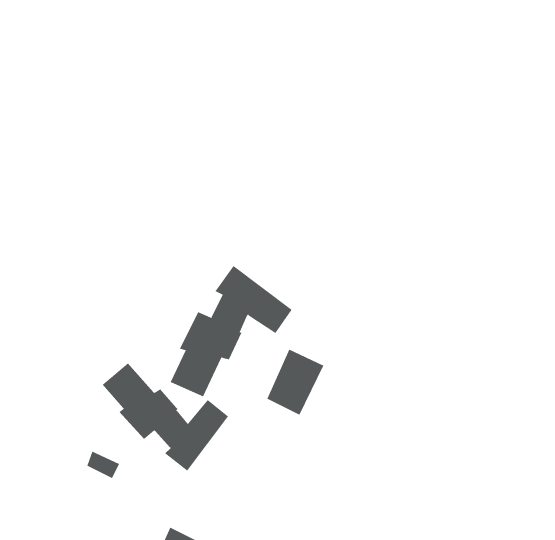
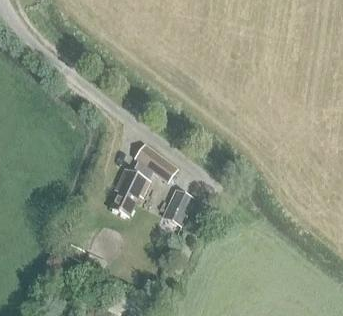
building: [102,362,229,472] -> none

